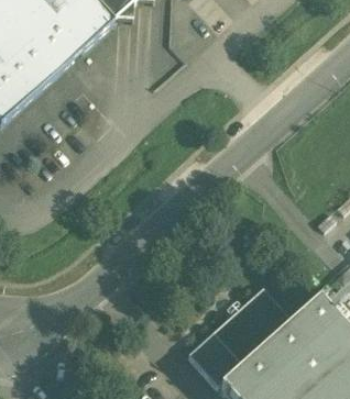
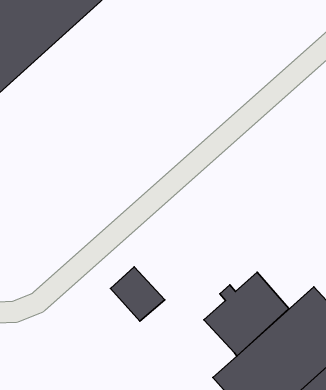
building: [193,330,245,383] -> [110,267,165,321]

